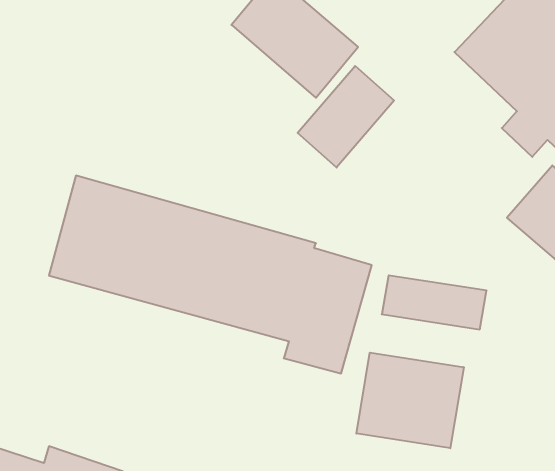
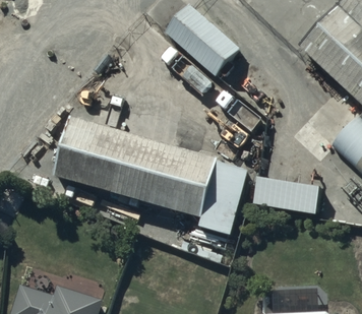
building: [298,66,394,168] -> none
building: [356,353,464,448] -> none

